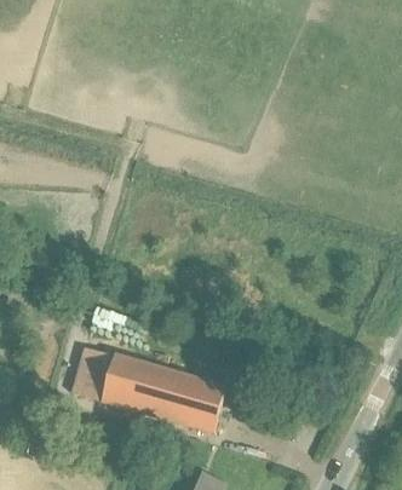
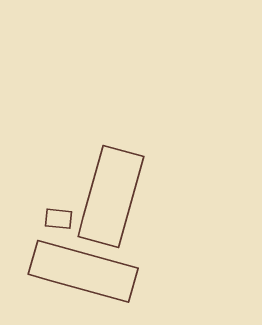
building: none -> [78,145,144,247]

